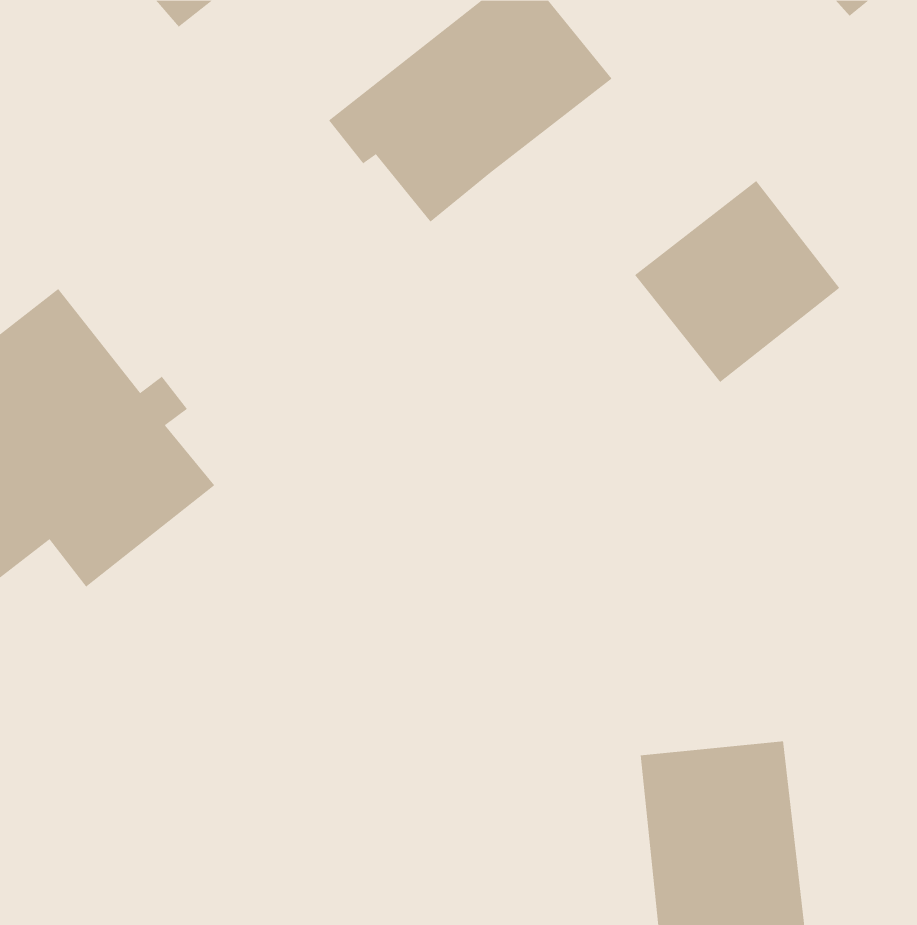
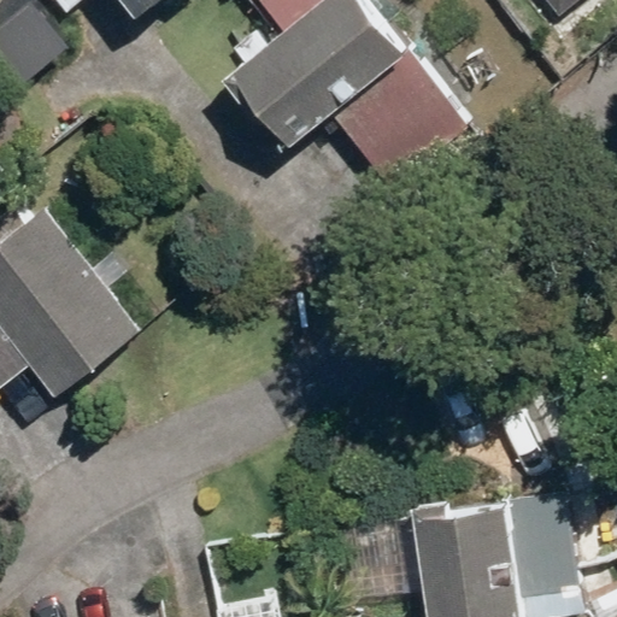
building: [634,180,840,383] -> [324,57,460,190]

